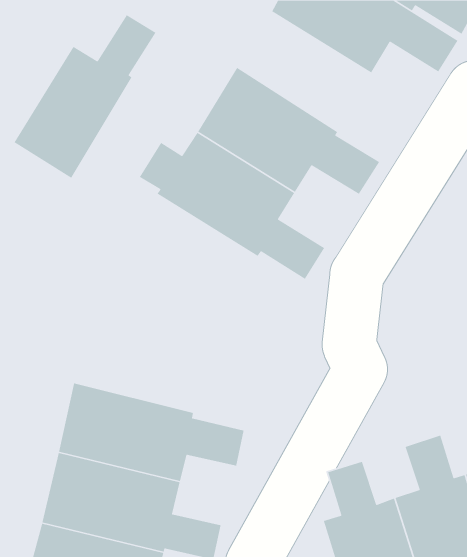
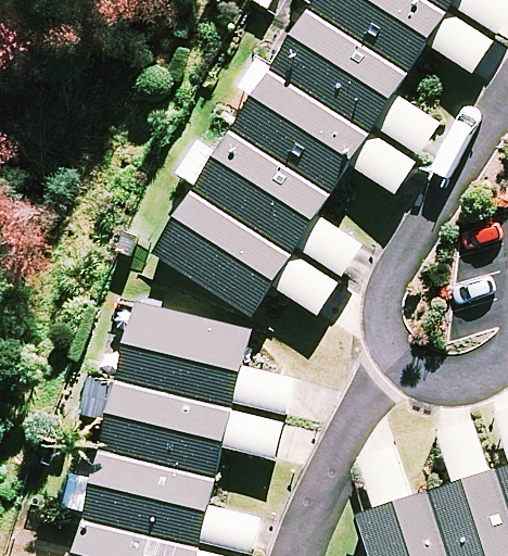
building: none -> [271,12,435,152]
building: [14,14,157,179] -> none
building: none -> [153,191,334,314]
building: none -> [111,301,290,413]

